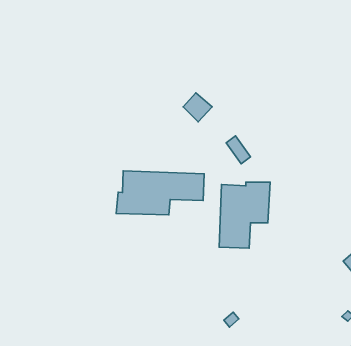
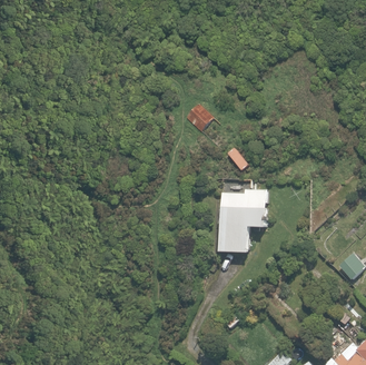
building: [116,171,204,215] -> none

